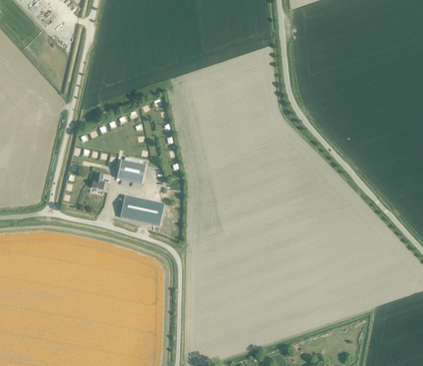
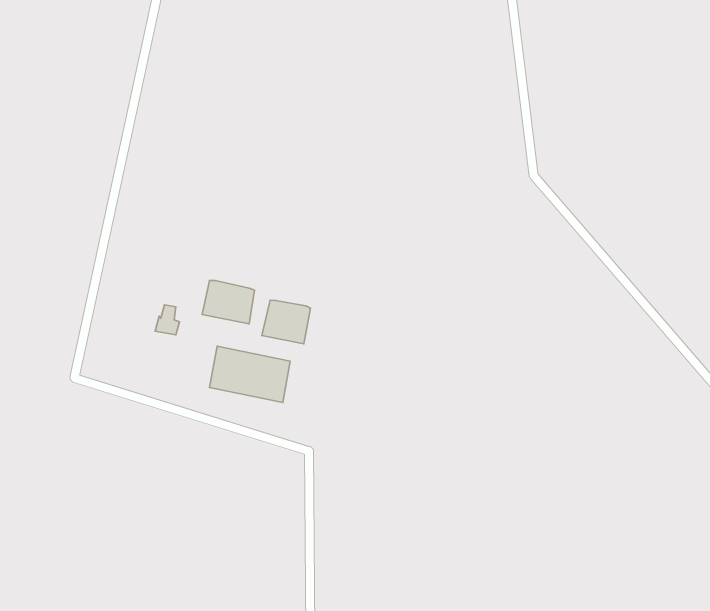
building: none -> [262,300,310,344]

